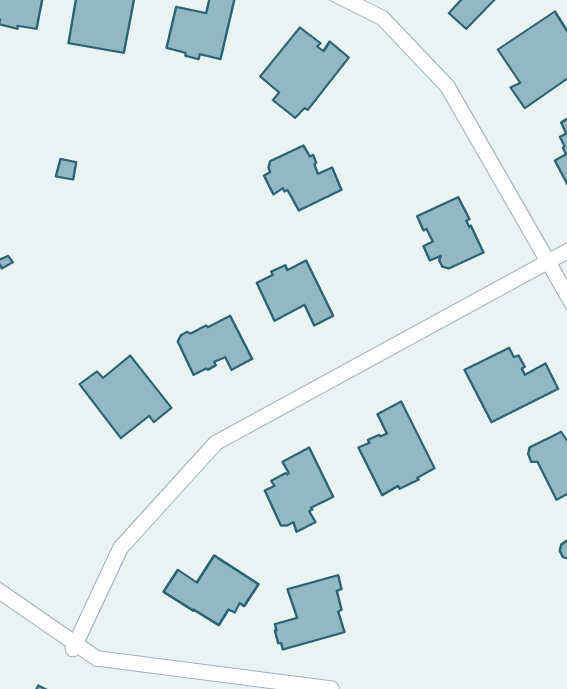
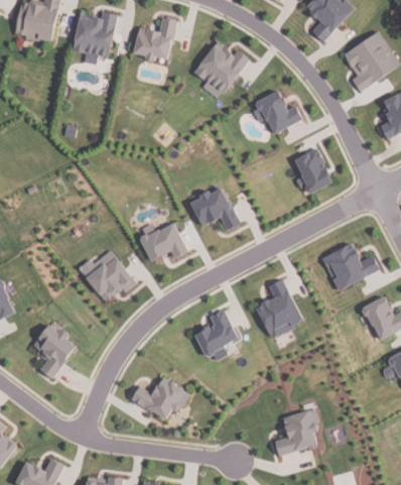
building: [264,145,342,210] -> [253,91,302,132]
building: none -> [33,324,76,377]
building: [275,575,345,650] -> [274,408,318,456]

